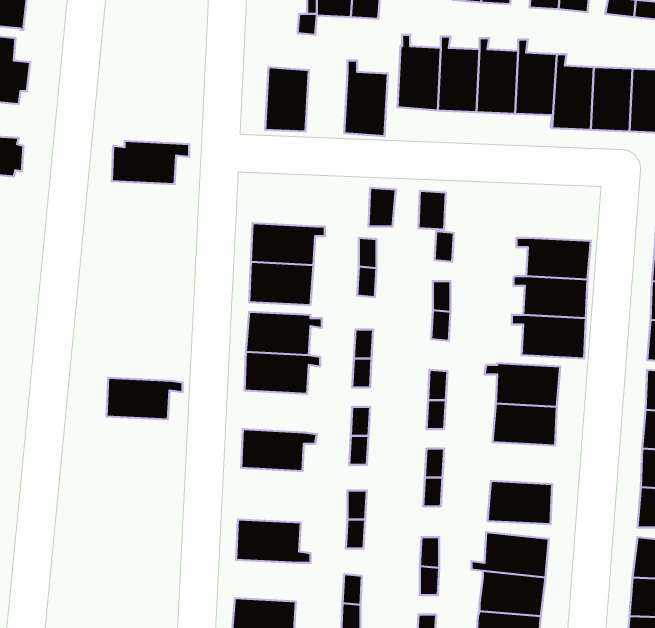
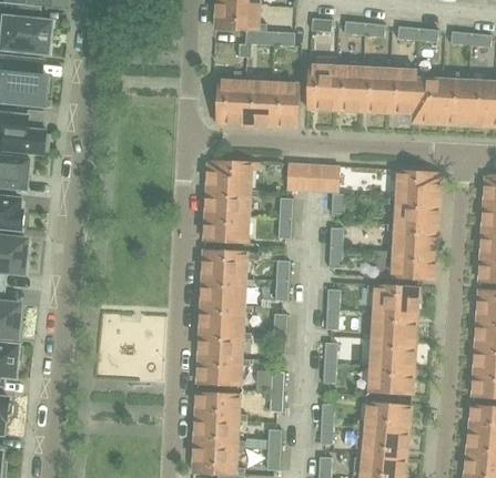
building: none -> [243,82,272,125]
building: [112,141,189,184] -> [206,160,260,190]
building: none -> [388,170,441,200]
building: [107,378,182,420] -> [200,303,252,332]
building: none -> [371,338,415,367]
building: none -> [196,356,249,386]
building: none -> [194,419,244,448]

